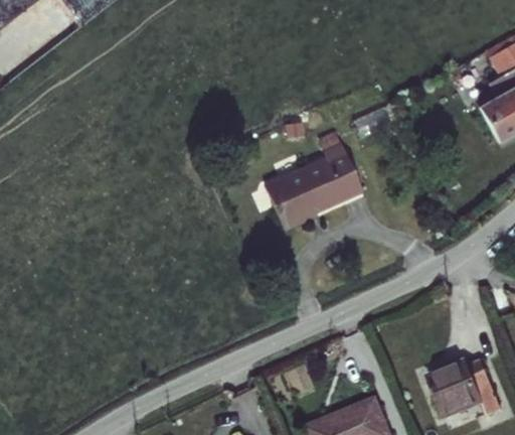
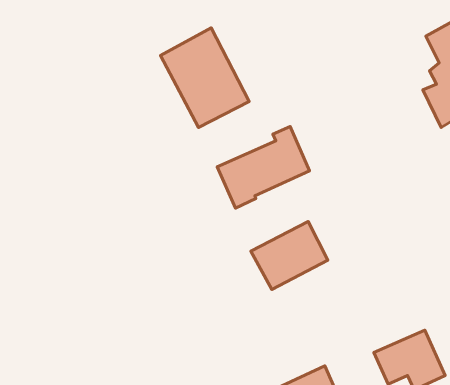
building: none -> [161,28,249,127]
building: none -> [251,221,328,290]

